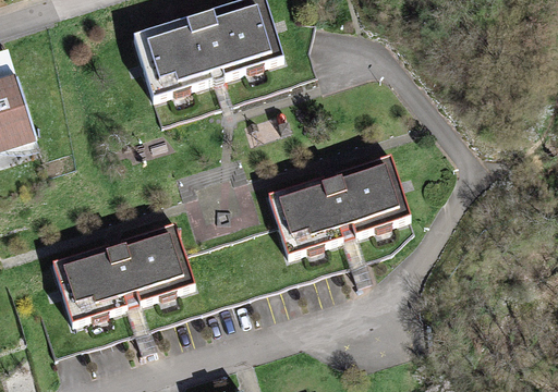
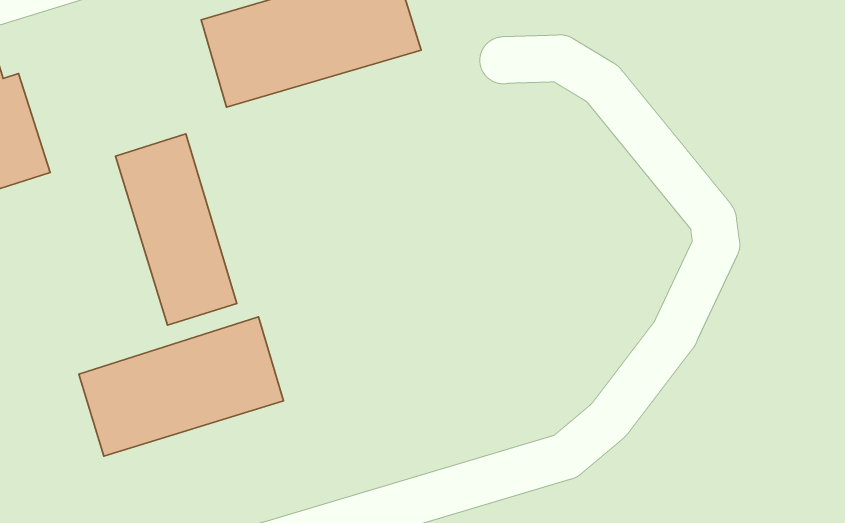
building: none -> [116,134,237,325]
building: [268,159,401,249] -> none

